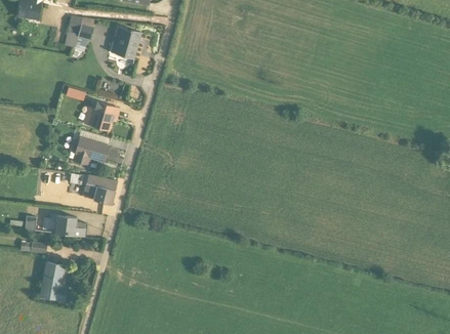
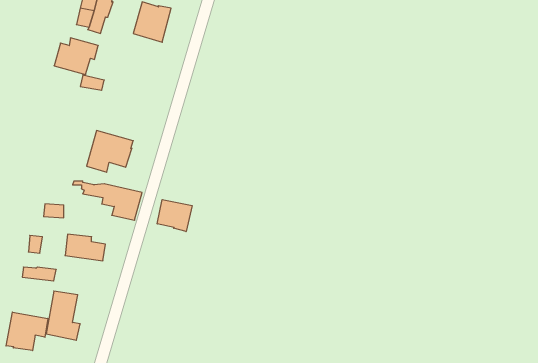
building: [83,101,119,131] -> [54,38,98,75]
building: none -> [157,200,192,232]
building: none -> [6,312,48,351]

